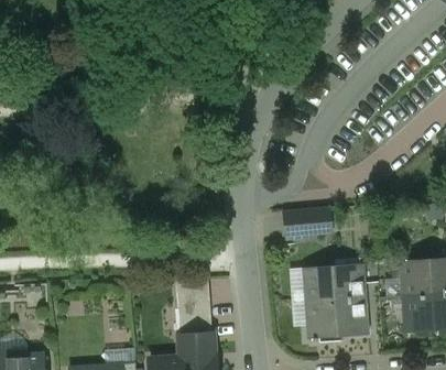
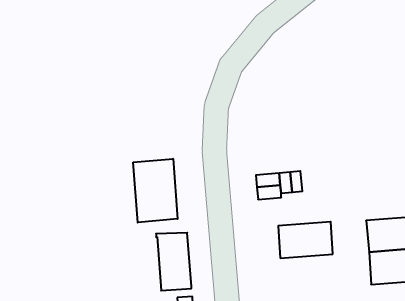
building: none -> [133,159,178,223]
building: [307,298,367,338] -> none

